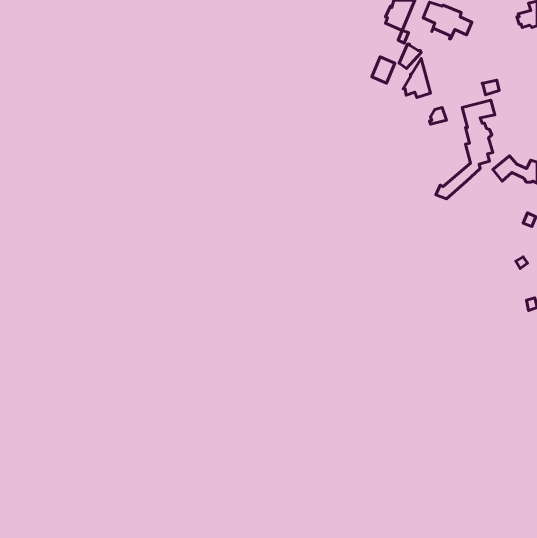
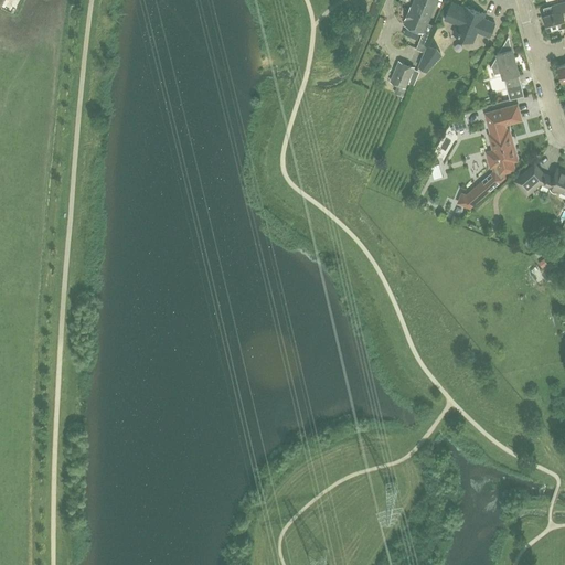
building: [403,58,431,97] -> [489,35,518,76]

